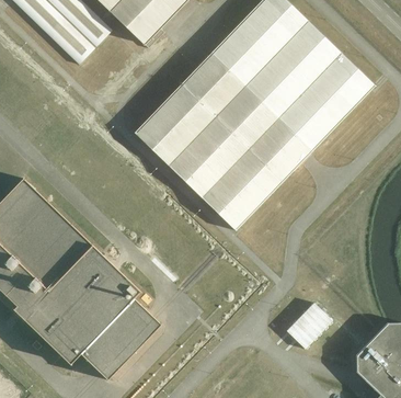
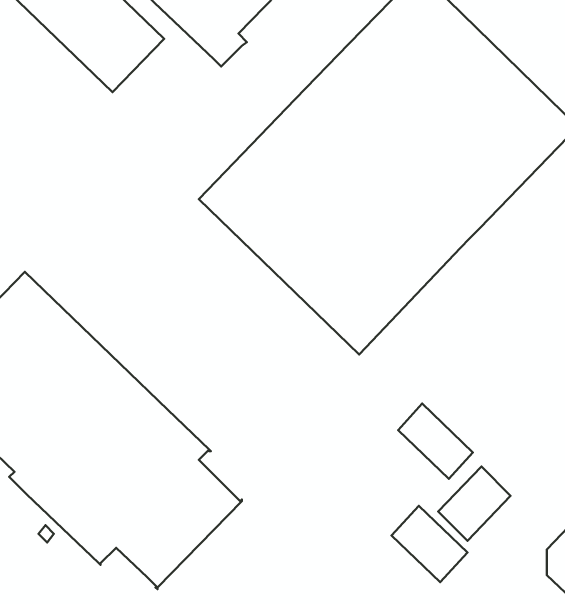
building: none -> [398,404,473,479]
building: none -> [392,506,467,582]

